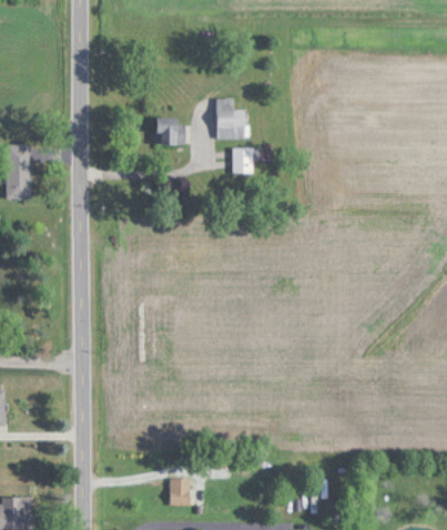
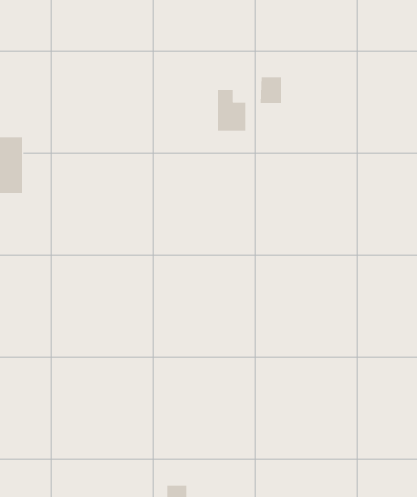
building: [158,119,180,145] -> none
building: [233,149,254,174] -> [260,77,282,103]

